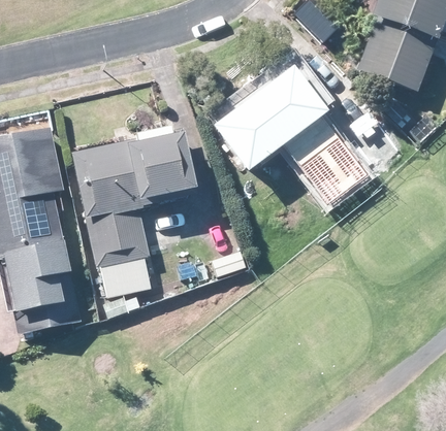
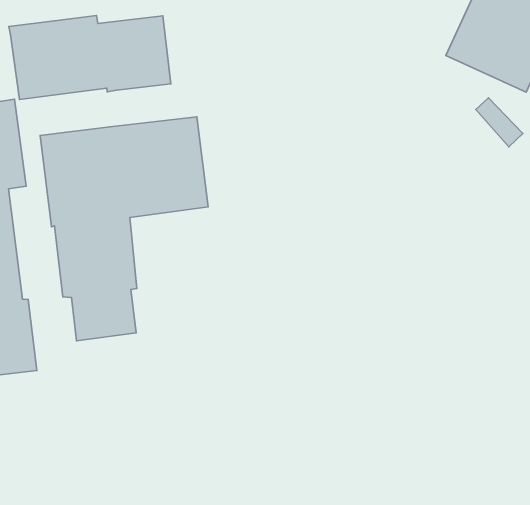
building: [212,57,368,196] -> none
building: none -> [9,15,171,99]

